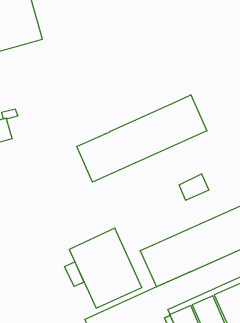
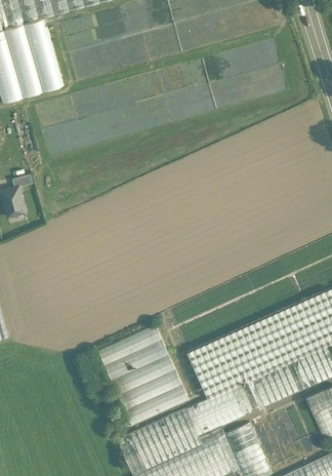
building: [77,95,207,182] -> none
building: [179,174,209,200] -> none
building: [64,262,84,286] -> none

